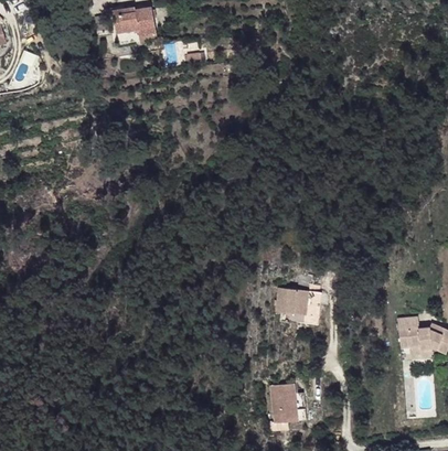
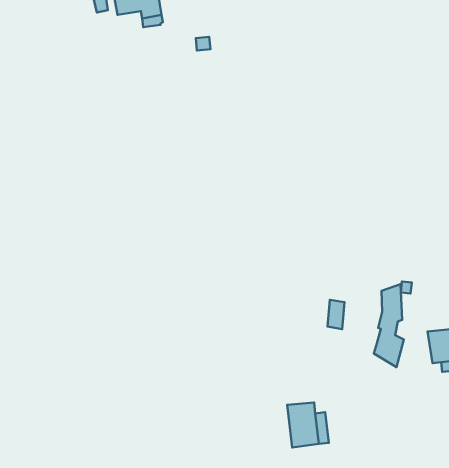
building: none -> [374,284,404,367]
building: [275,287,308,314] -> none

